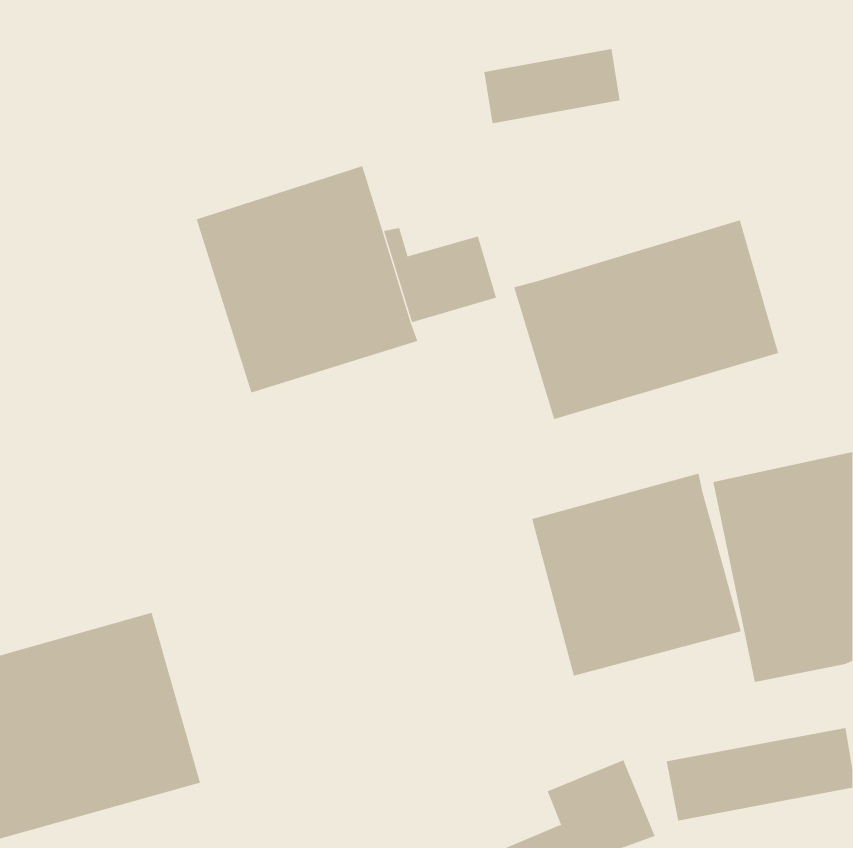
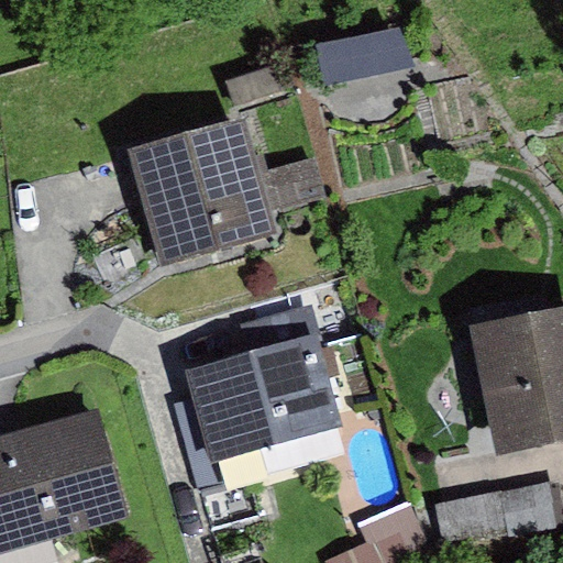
building: [513,219,779,420] -> none
building: [532,473,742,676] -> none
building: none -> [172,333,347,496]

